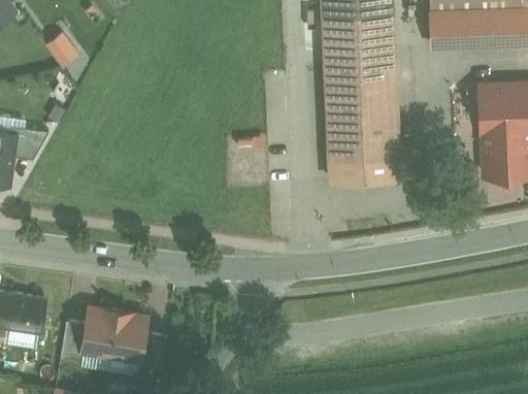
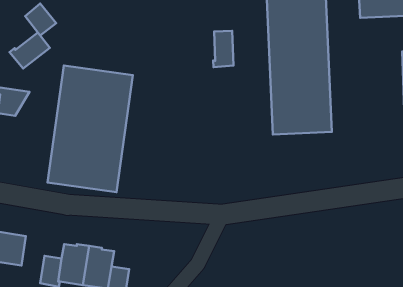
building: none -> [213,31,234,67]
building: none -> [9,33,50,69]
building: none -> [47,65,133,192]

